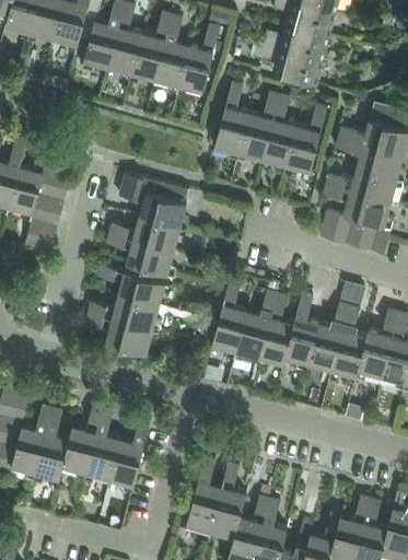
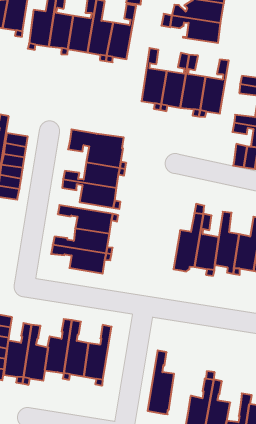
building: [211,280,246,358] -> none
building: [210,463,245,537] -> none

